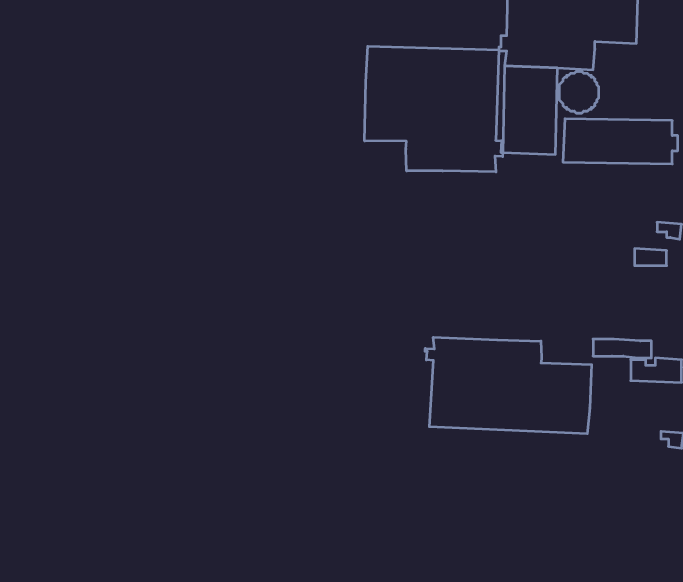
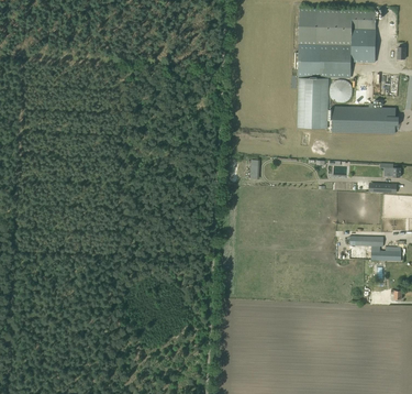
building: [365,46,503,172] -> none
building: [425,337,592,434] -> none

